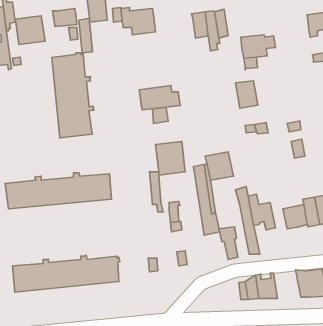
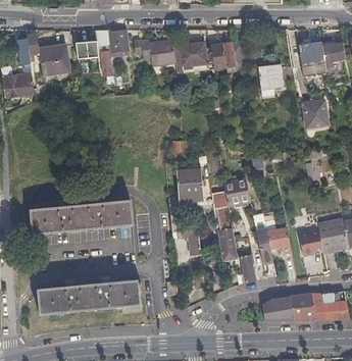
building: none -> [299,42,324,66]
building: [52,53,94,138] -> none
building: [236,81,258,108] -> [307,100,329,126]
building: [139,86,180,110] -> [173,42,213,65]
building: none -> [290,293,316,320]

